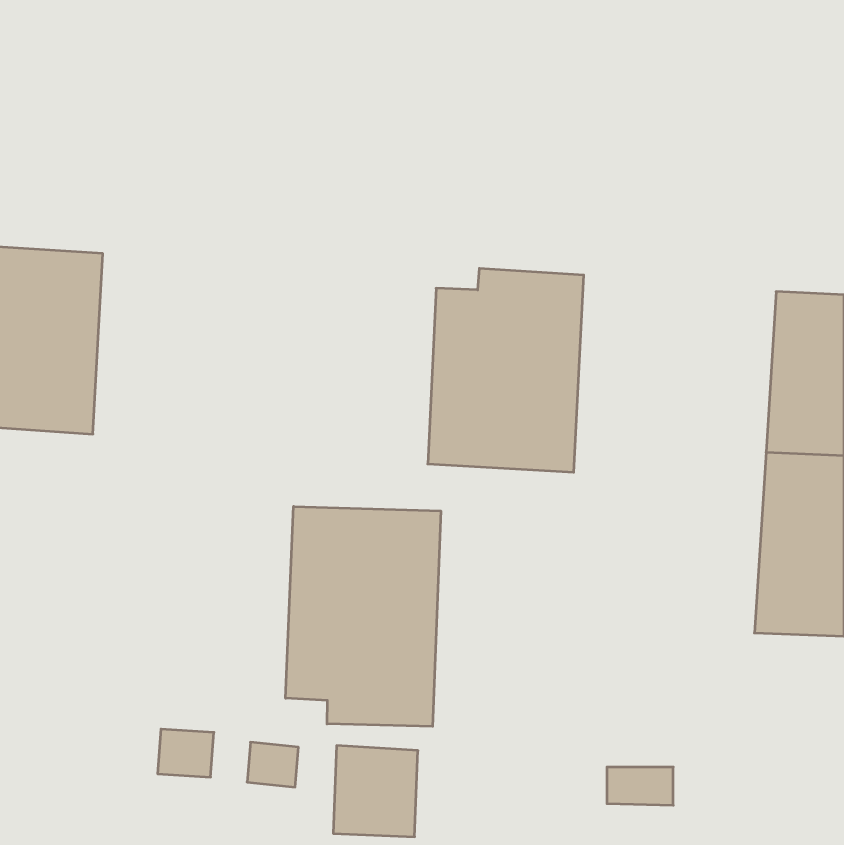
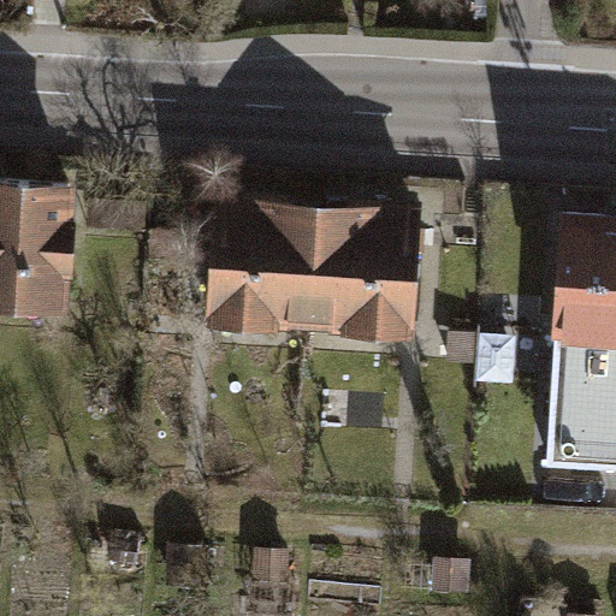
building: none -> [205,186,316,338]
building: [286,506,441,726] -> none

